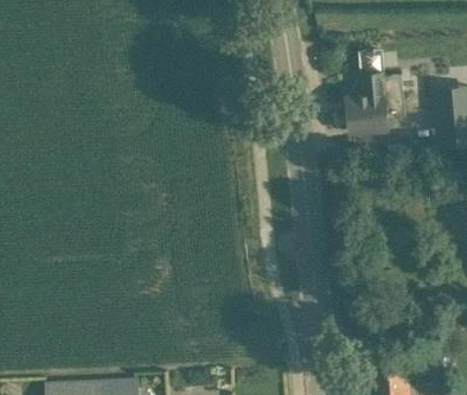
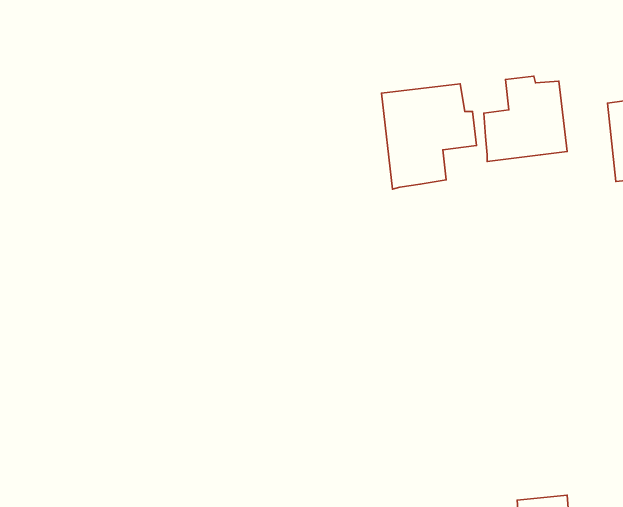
building: none -> [382,84,476,189]

